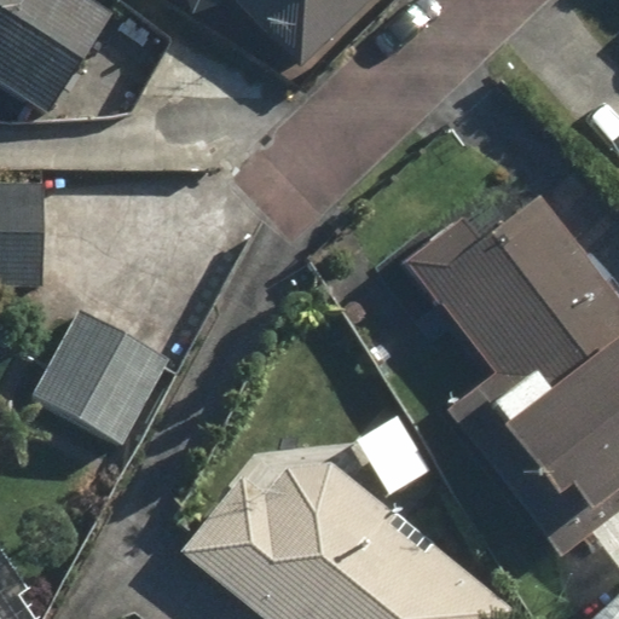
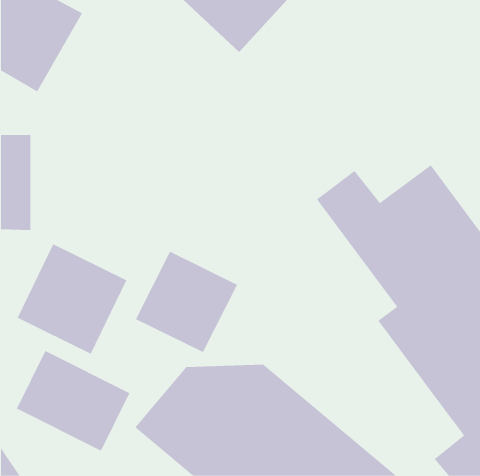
building: none -> [135,251,238,353]
building: none -> [16,350,130,451]

